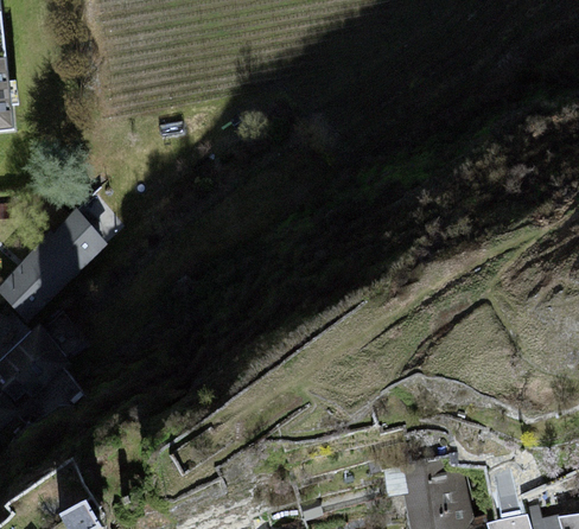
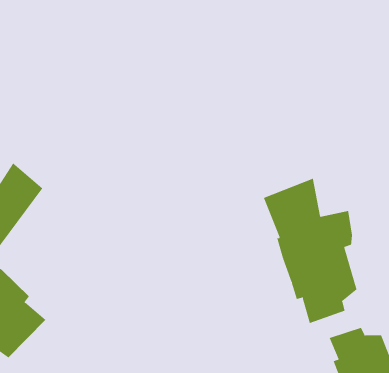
building: none -> [263,178,357,324]

